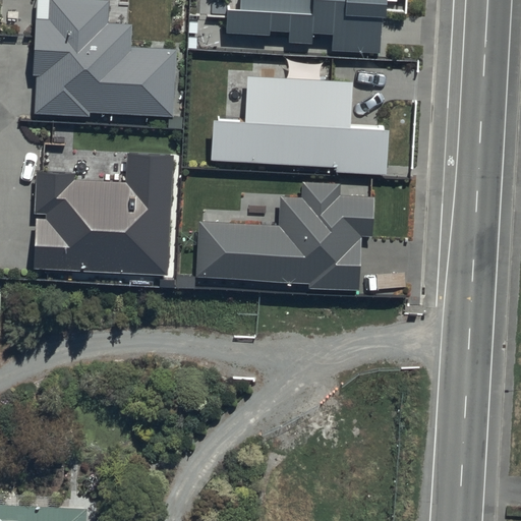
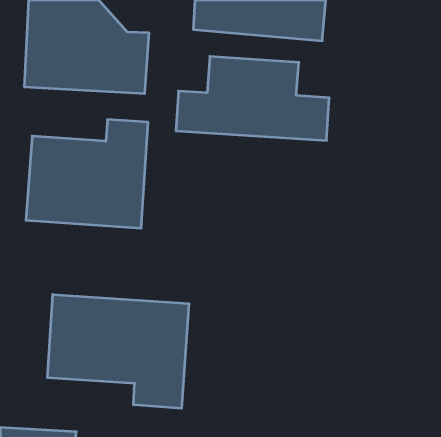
building: [195,181,373,289] -> none
building: none -> [48,294,189,408]

